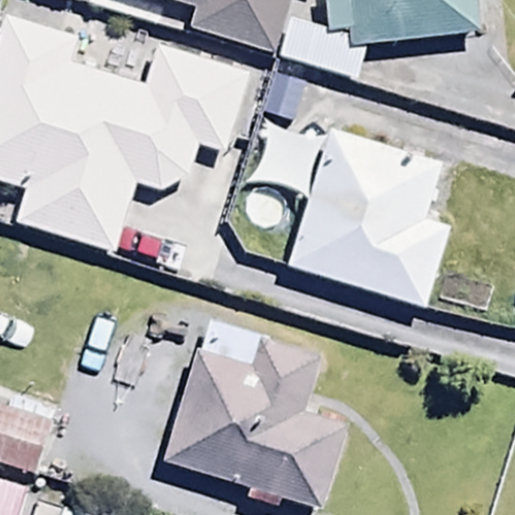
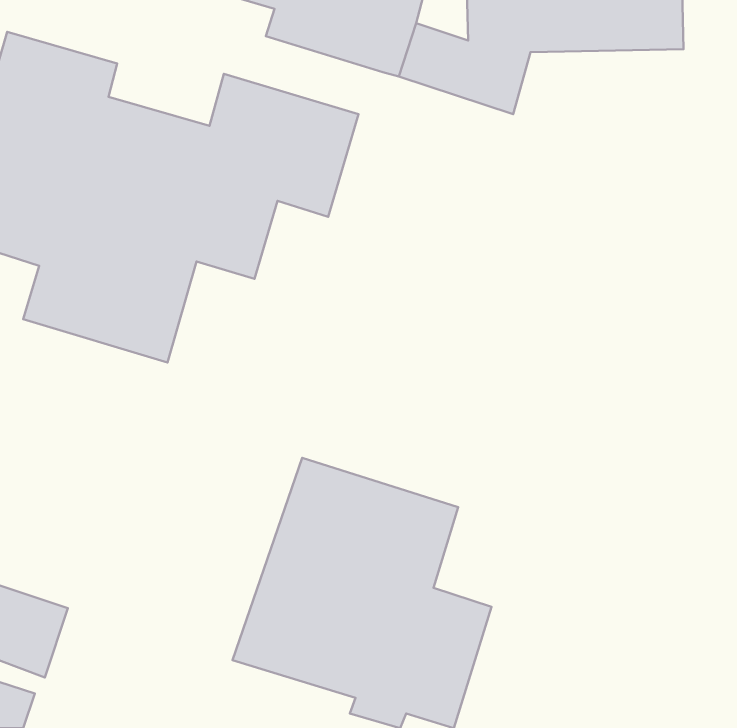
building: [290,126,453,308] -> none

